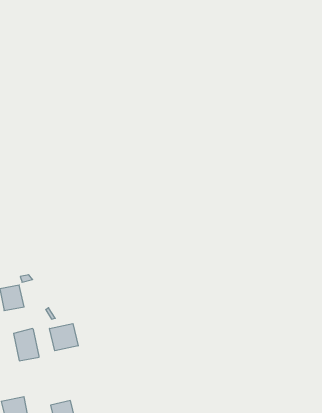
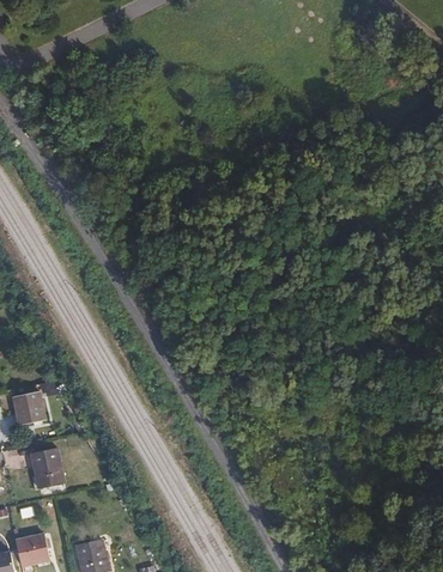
building: [50,324,78,351] -> none

